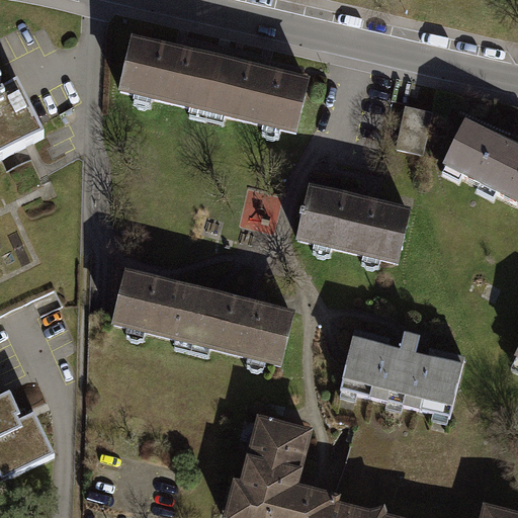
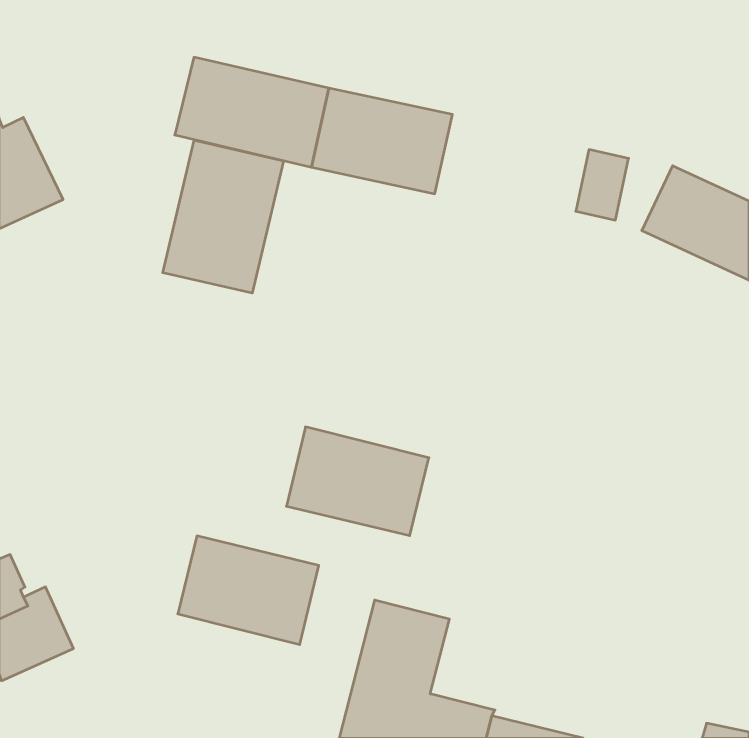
building: none -> [163,140,284,293]
building: [294,187,407,262] -> none
building: [113,274,210,349] -> [178,536,319,645]
building: [340,329,463,408] -> none

